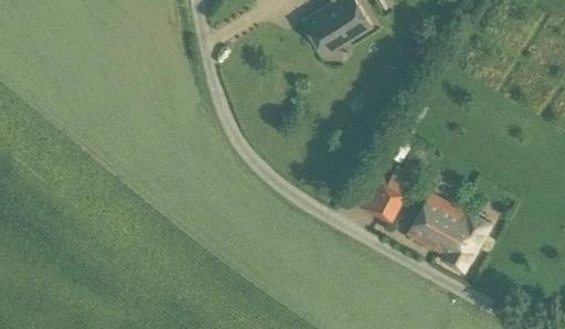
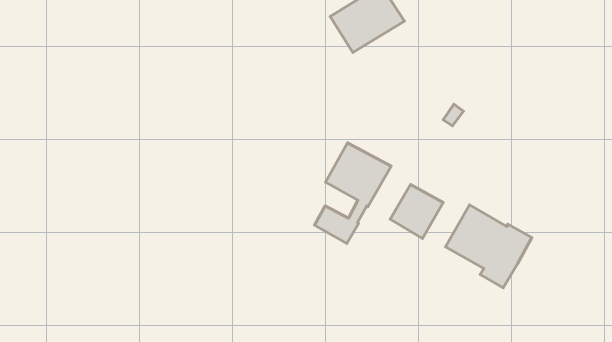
building: none -> [314,143,391,243]

